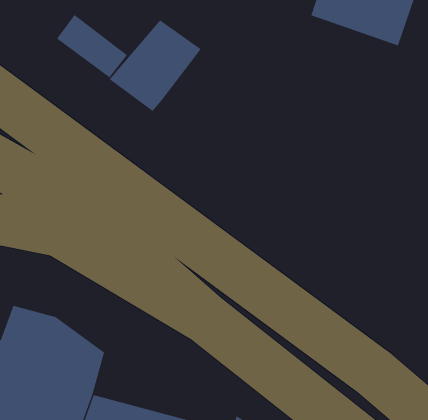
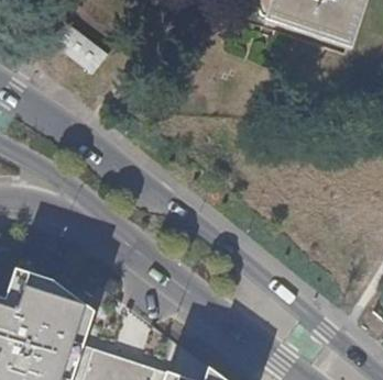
building: [109,19,201,112] -> none

